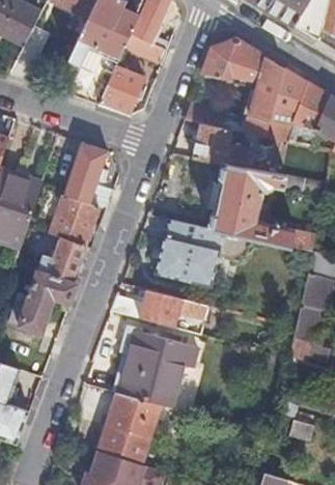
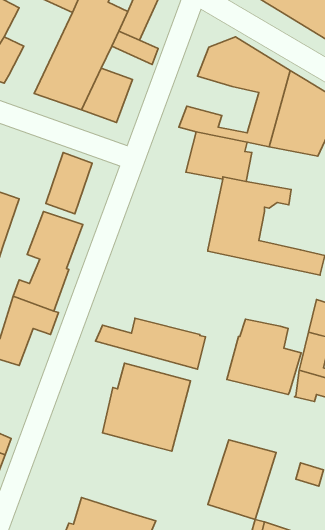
building: [153,219,220,286] -> [227,319,301,394]
building: [97,392,159,463] -> [208,440,276,520]

